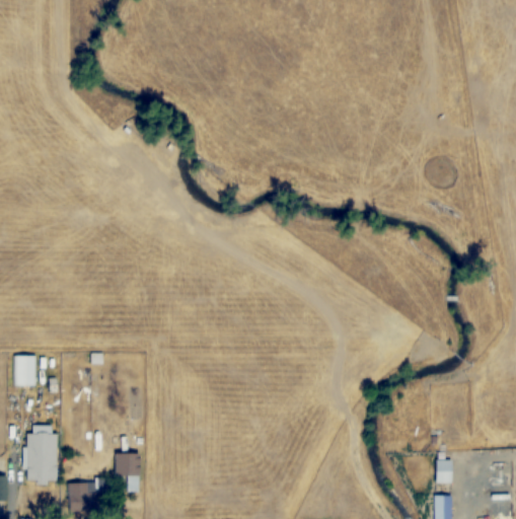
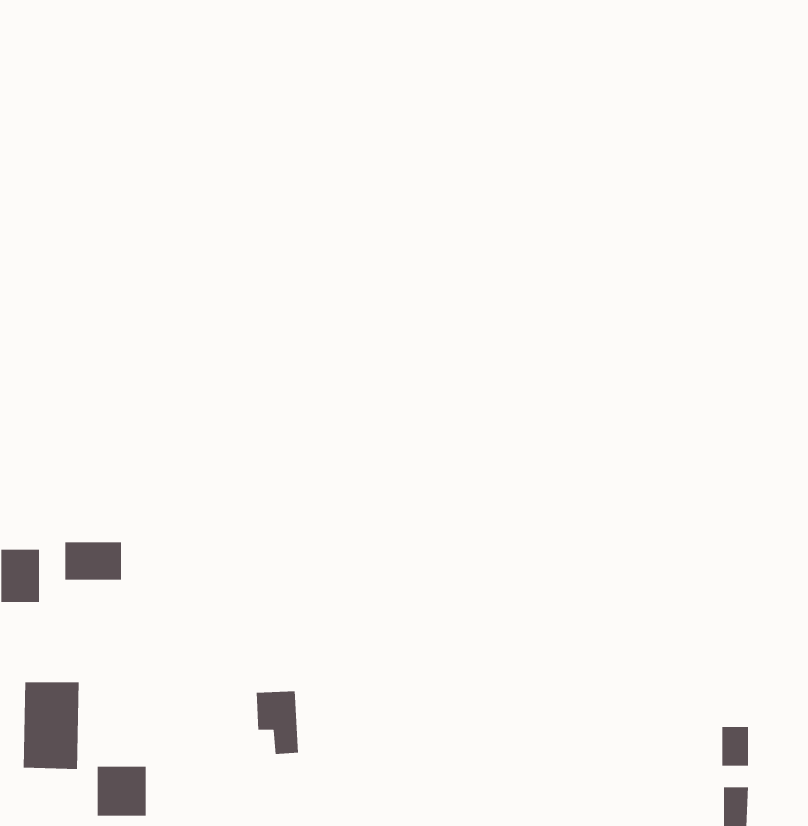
building: none -> [65,541,121,581]
building: [116,452,141,490] -> [256,691,299,754]

